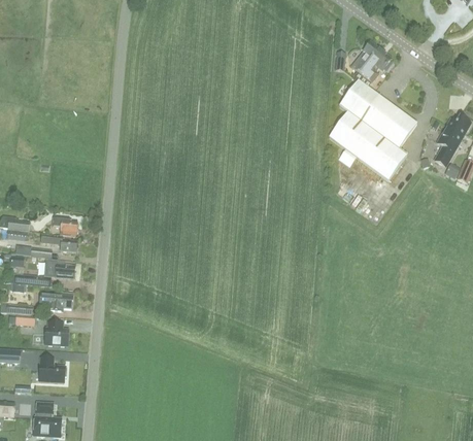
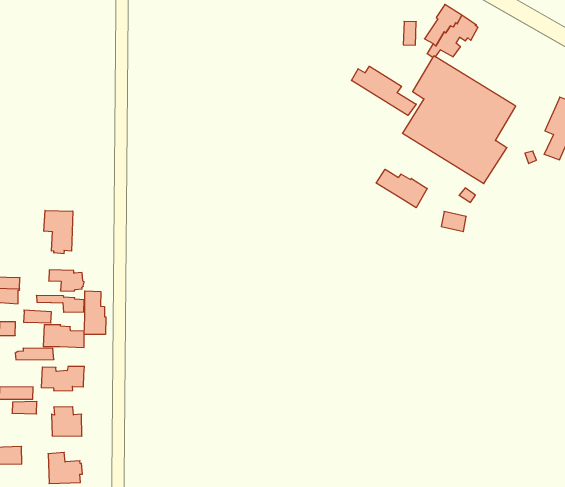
building: none -> [351,66,416,115]
building: none -> [376,169,427,208]
building: none -> [44,210,73,254]
building: none -> [84,291,106,335]

